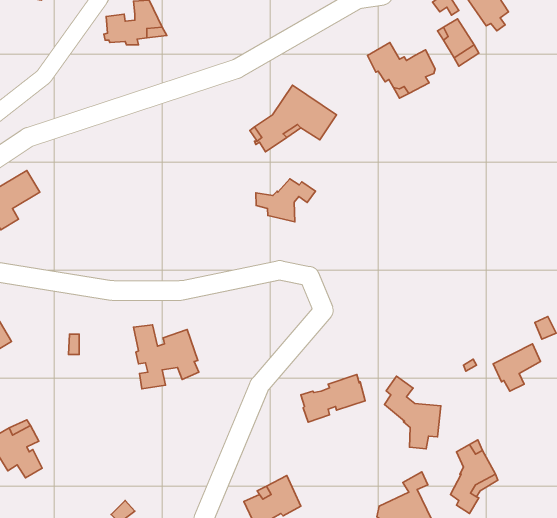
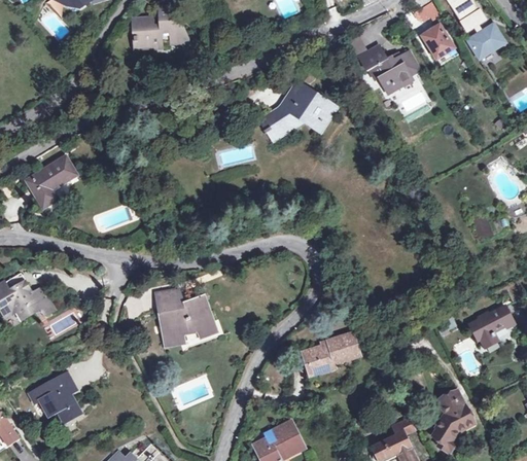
building: none -> [465,23,502,59]
building: [256,179,316,222] -> none
building: [385,376,441,449] -> none

